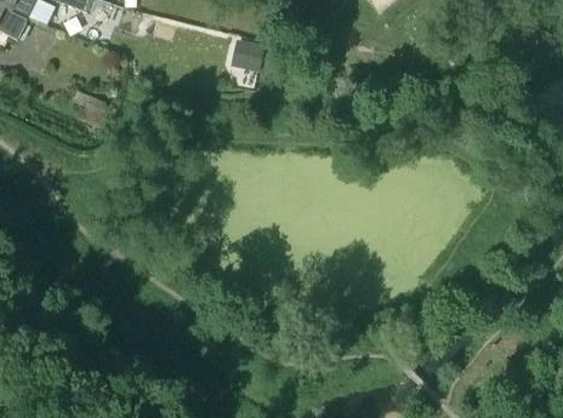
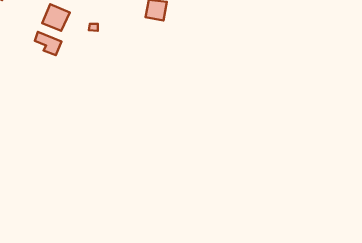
building: none -> [42,4,70,31]

